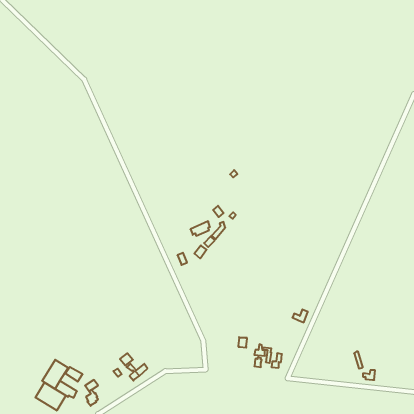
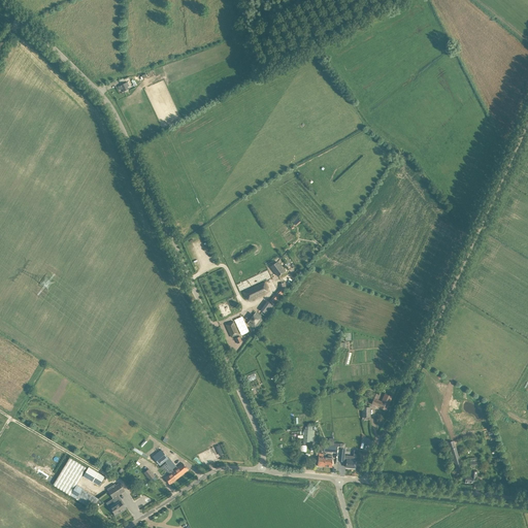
building: [35,382,66,411] -> none

